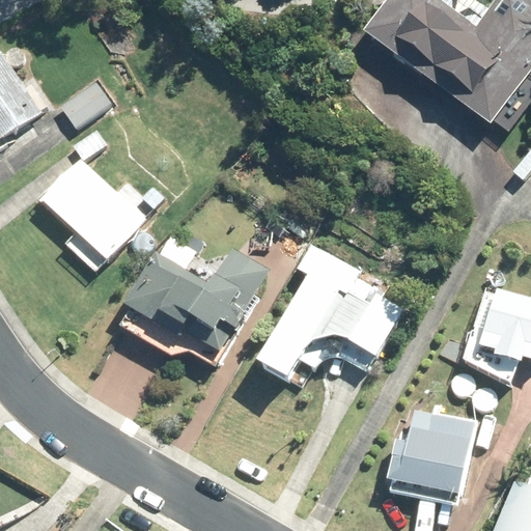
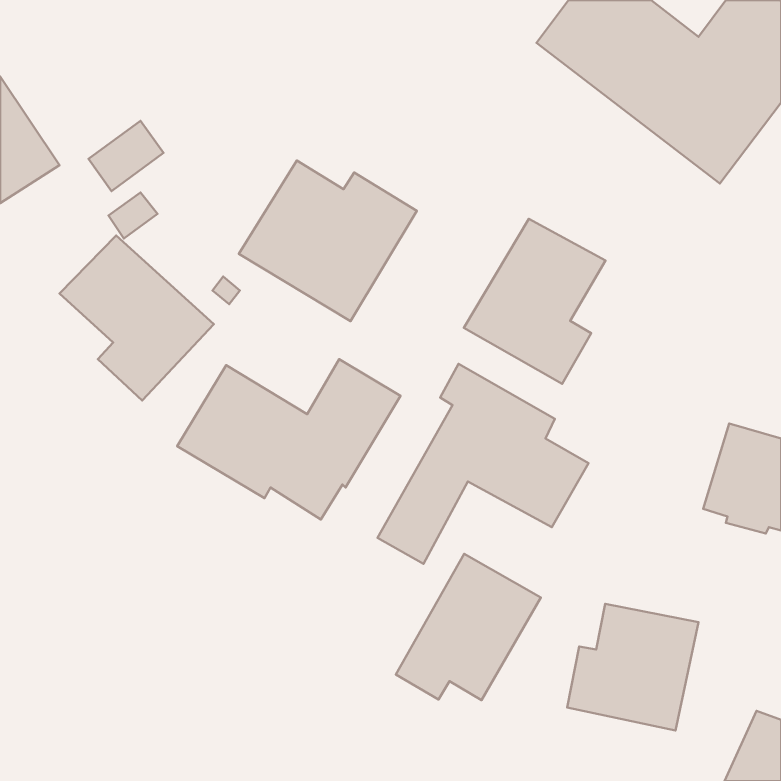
building: none -> [239,160,417,321]
building: none -> [464,219,605,384]
building: none -> [396,554,541,700]

